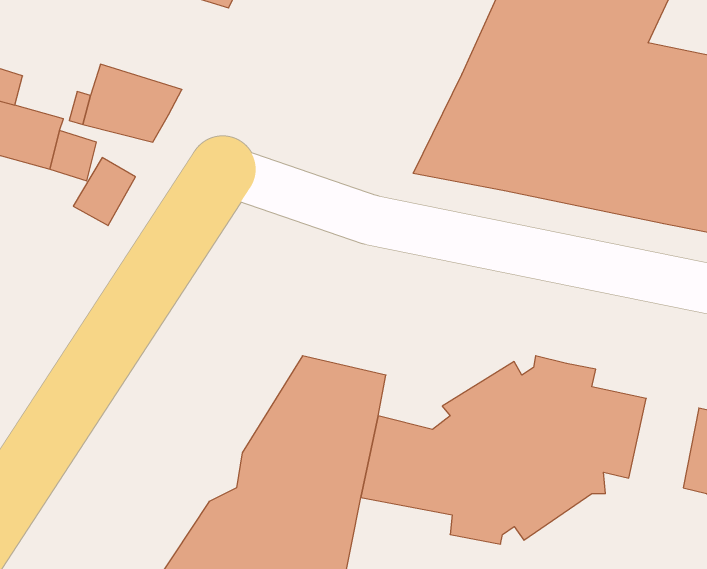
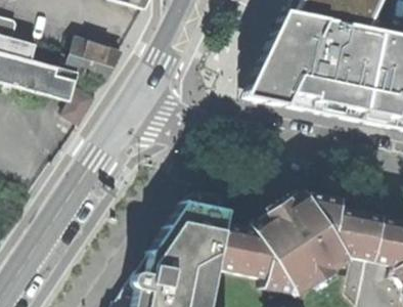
building: none -> [357,215,394,262]

